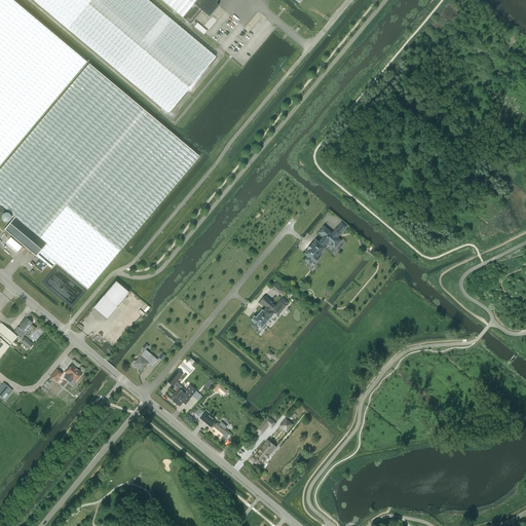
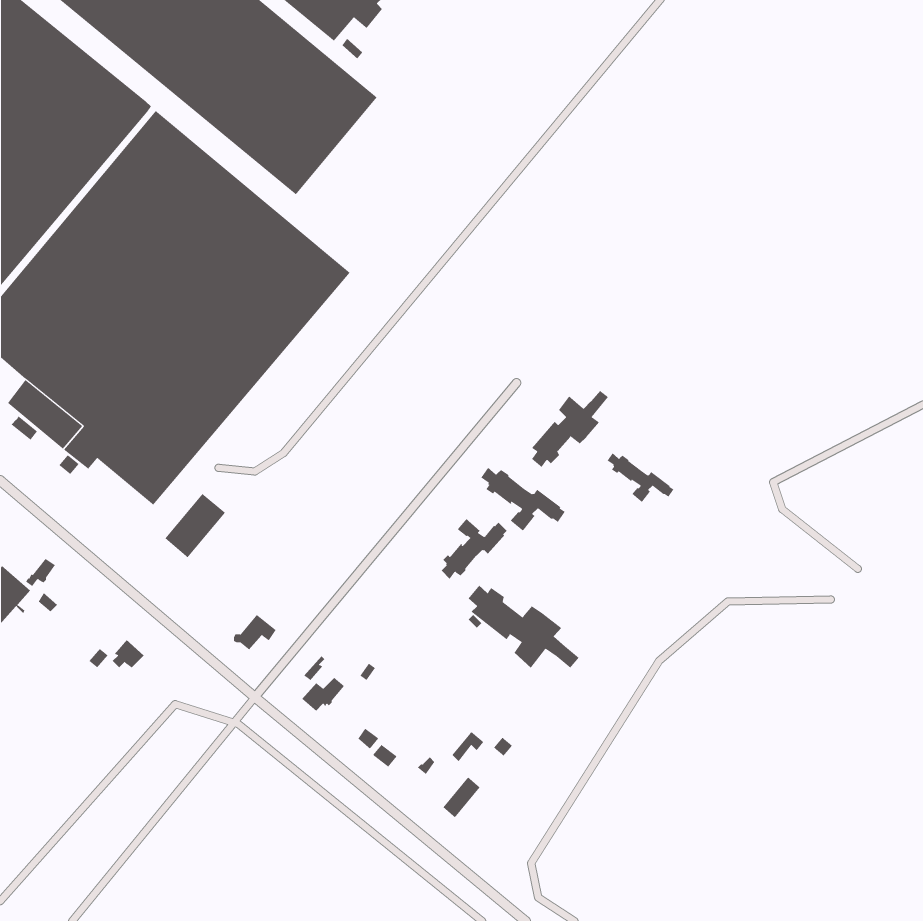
building: none -> [607,453,674,503]
building: none -> [481,467,565,531]
building: none -> [468,585,580,668]

